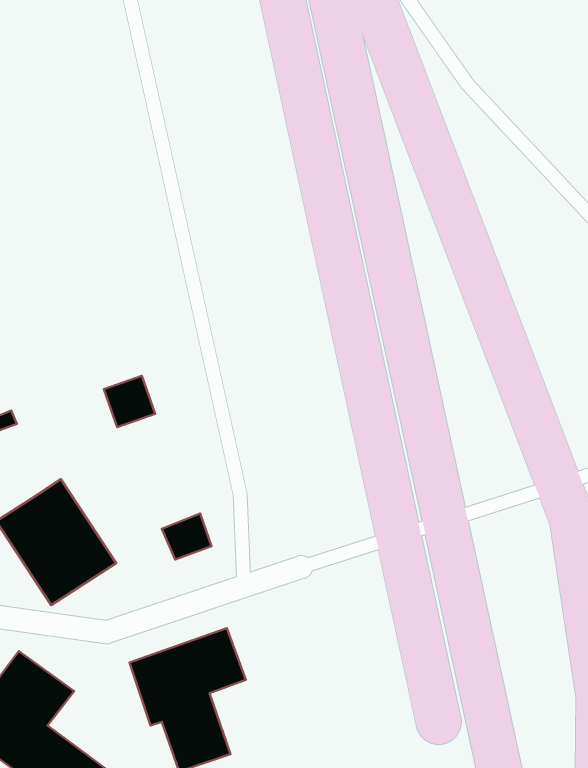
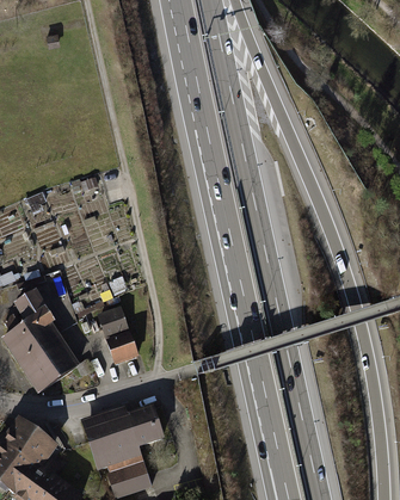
building: [104,376,155,427] -> [97,305,129,338]
building: none -> [12,292,43,323]

